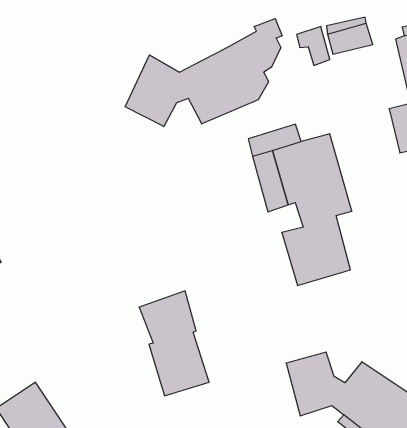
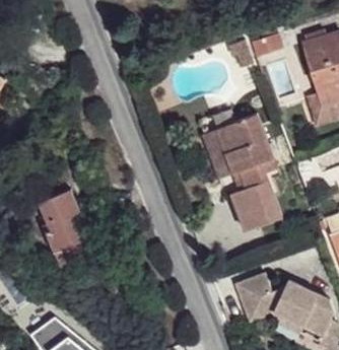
building: [125,19,282,127] -> none
building: [139,291,209,396] -> [39,189,93,266]

